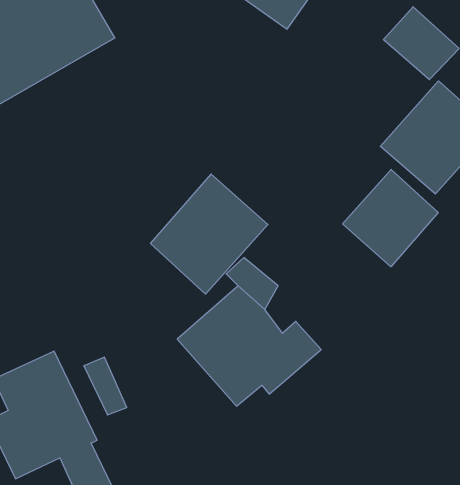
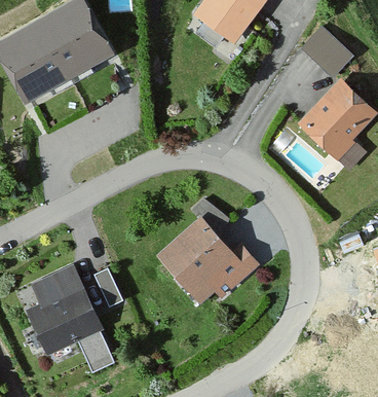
building: [343,169,438,267] -> none
building: [151,174,268,294] -> none

